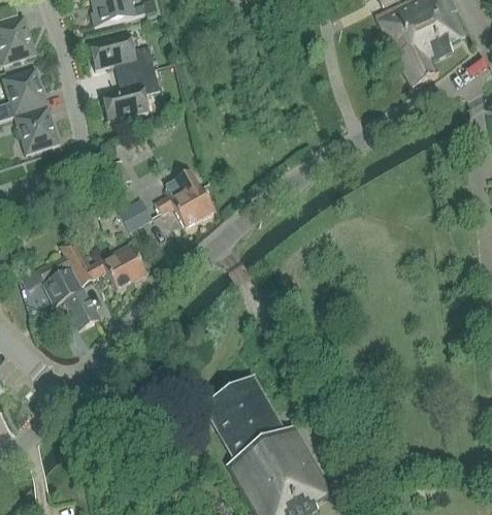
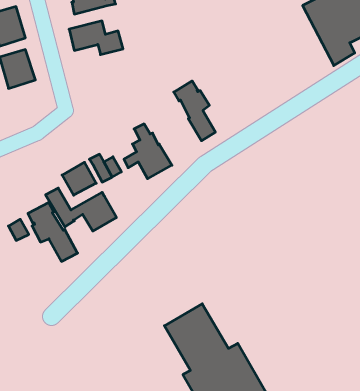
building: [101,68,160,121] -> none
building: [14,106,59,154] -> none
building: none -> [174,81,215,141]
building: none -> [62,162,96,195]

